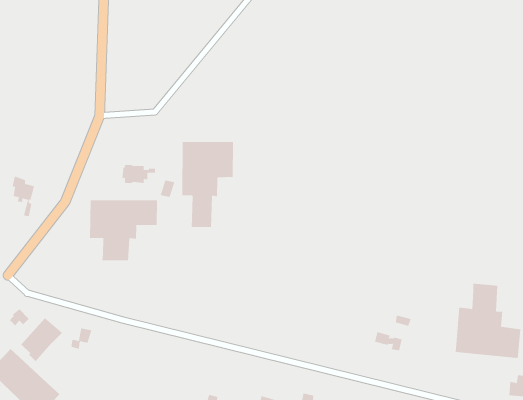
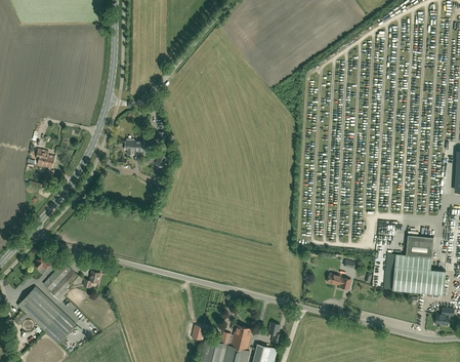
building: [182,141,234,228] -> none
building: [90,200,157,261] -> none

